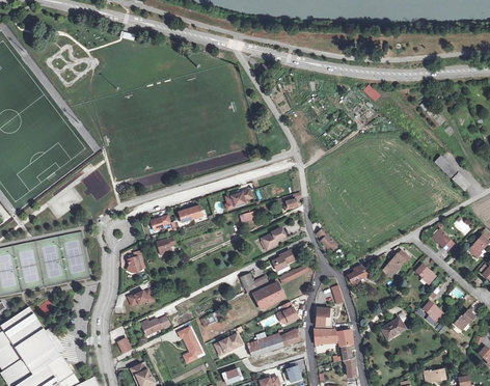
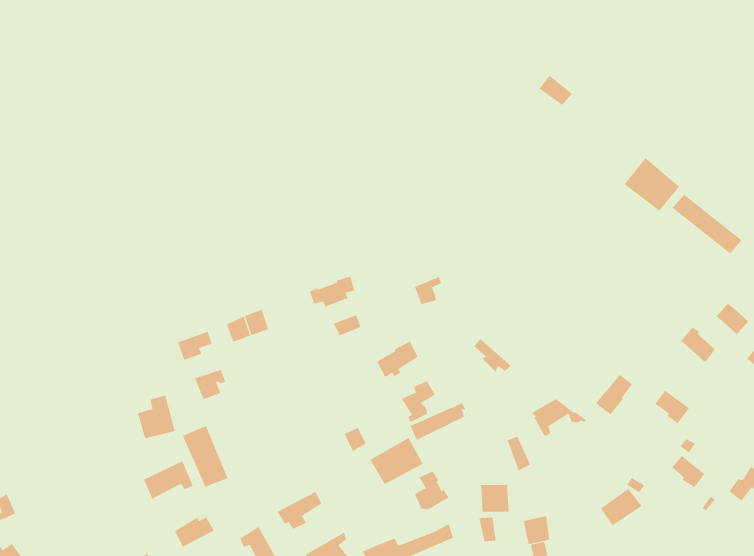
building: none -> [624,157,680,212]
building: none -> [182,425,228,487]

